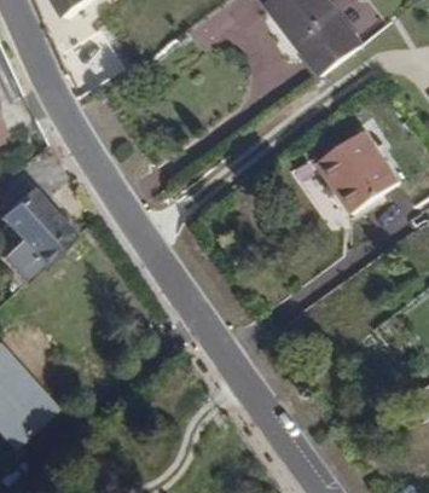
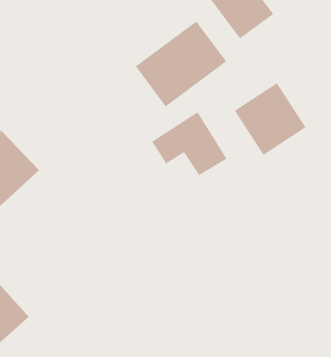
building: none -> [135,20,227,107]
building: none -> [151,111,228,176]

